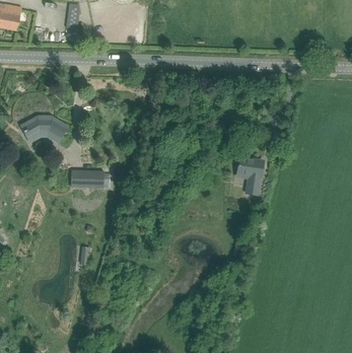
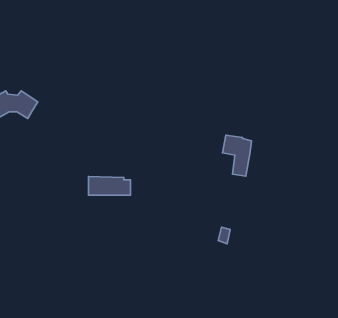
building: [71,169,110,187] -> [88,176,130,195]

